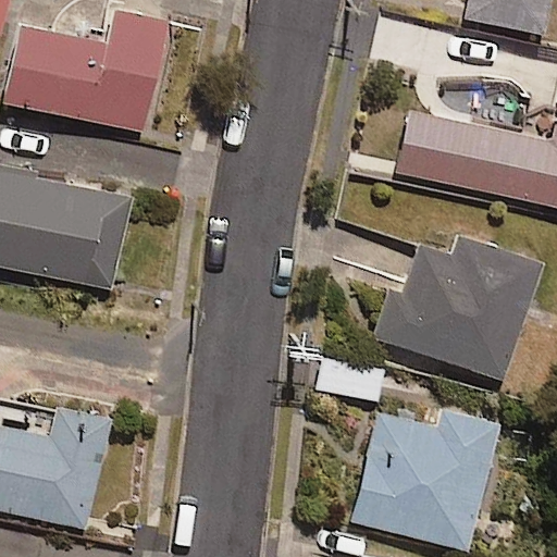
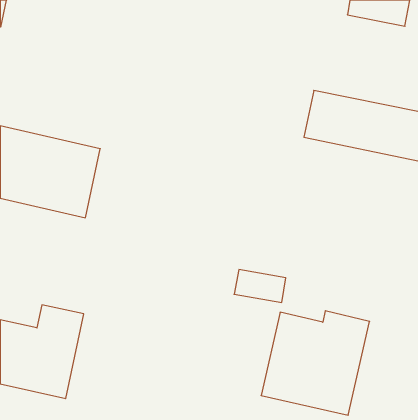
building: [10,11,171,129] -> none
building: [363,236,536,379] -> none

